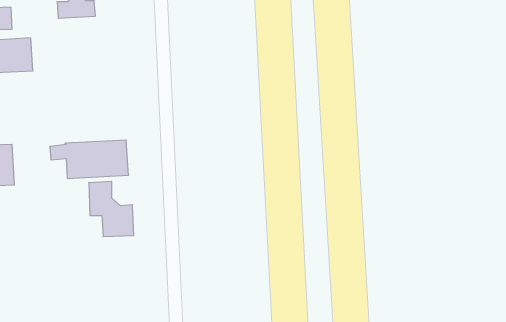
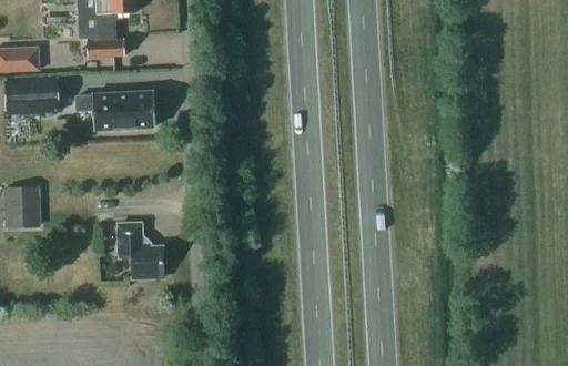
building: [50,140,129,178] -> [73,92,153,131]

